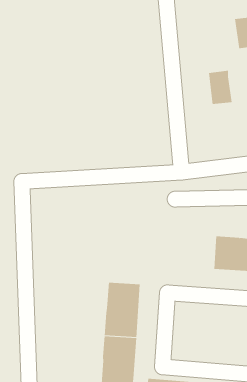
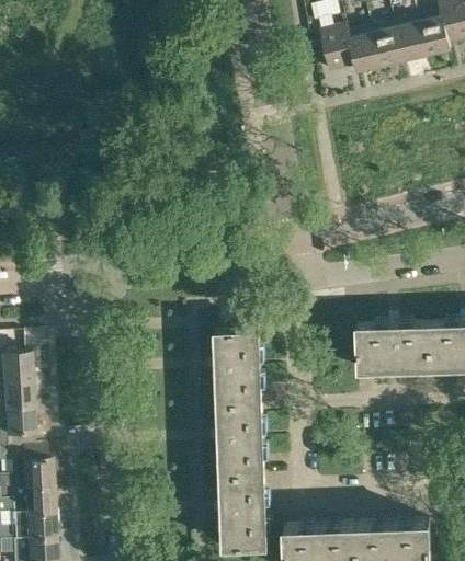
building: [208,70,233,107] -> [319,24,358,72]
building: none -> [214,329,261,403]

